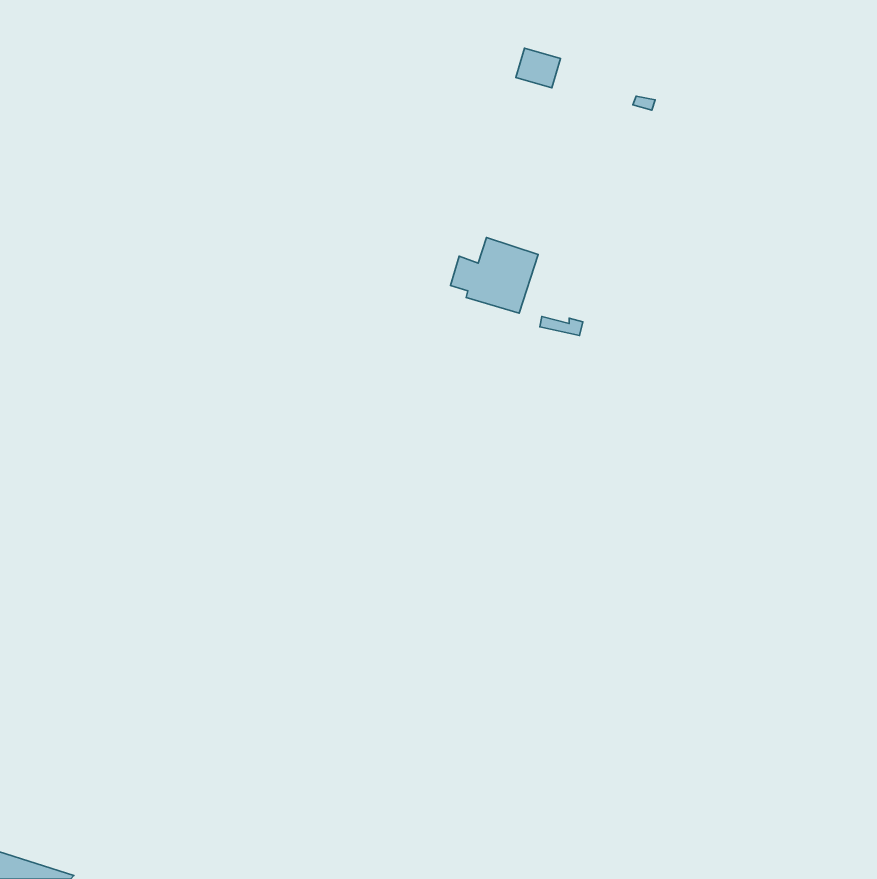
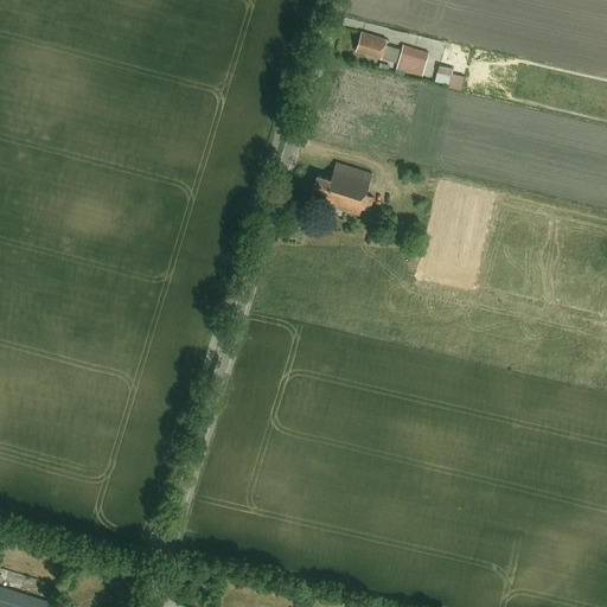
building: none -> [396,46,428,76]

